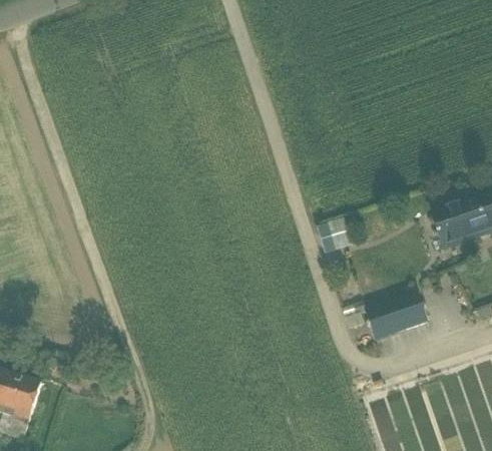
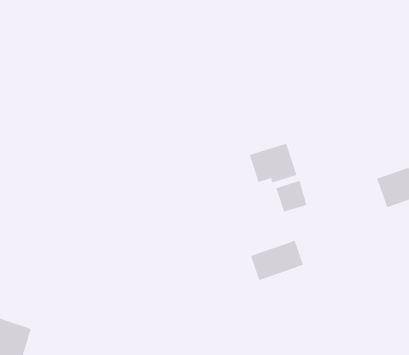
building: none -> [249,143,297,183]
building: [365,295,426,341] -> [250,240,304,281]

